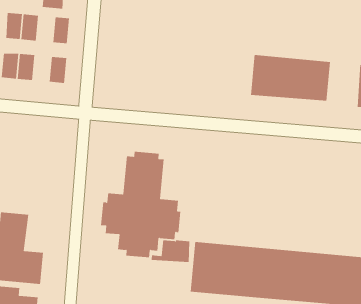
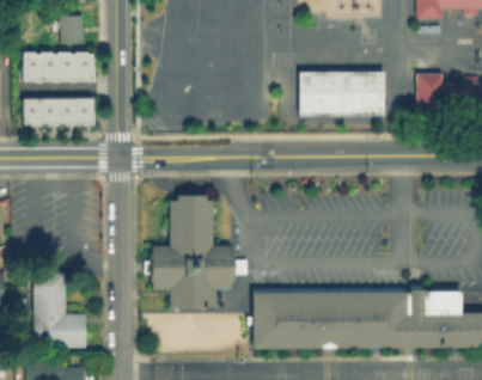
building: none -> [56,53,74,81]
building: none -> [56,97,74,125]

